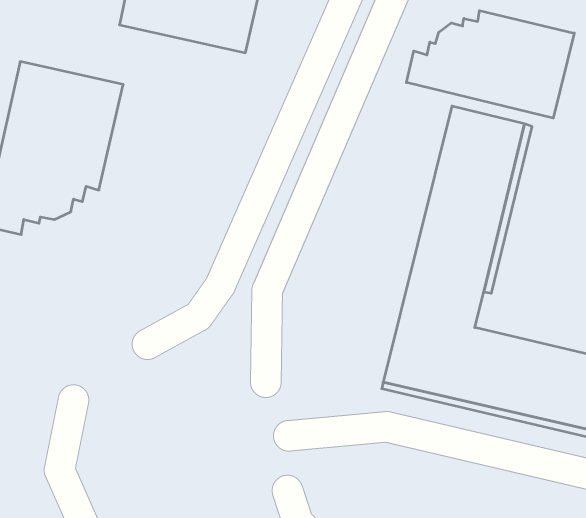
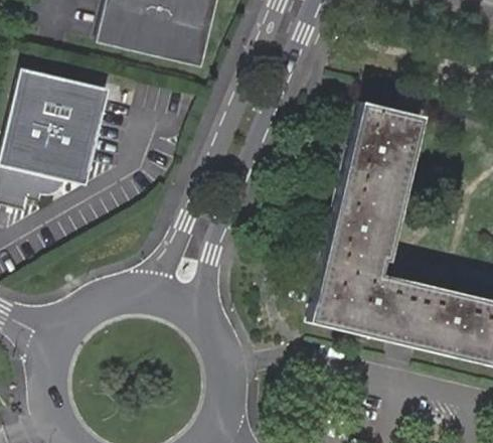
building: [406,11,574,118] -> none

